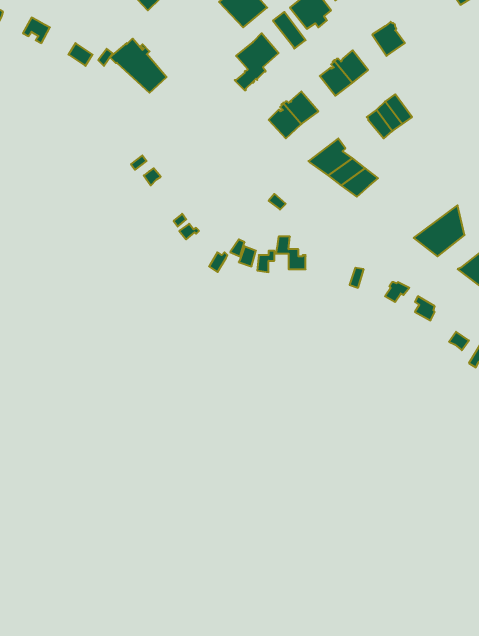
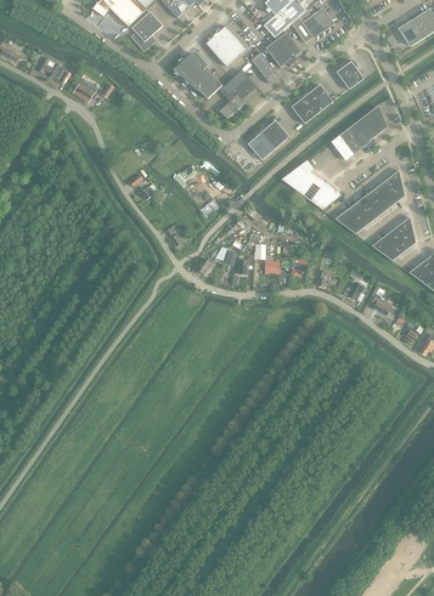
building: [110,39,167,93] -> [173,52,221,98]
building: none -> [355,104,385,140]
building: none -> [334,169,404,233]

